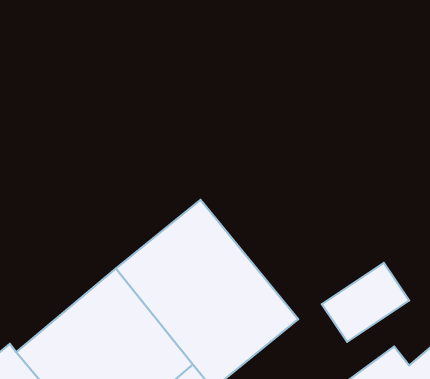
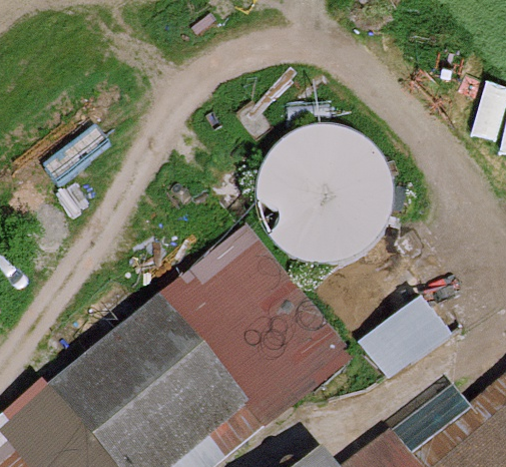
building: none -> [272,122,410,275]

